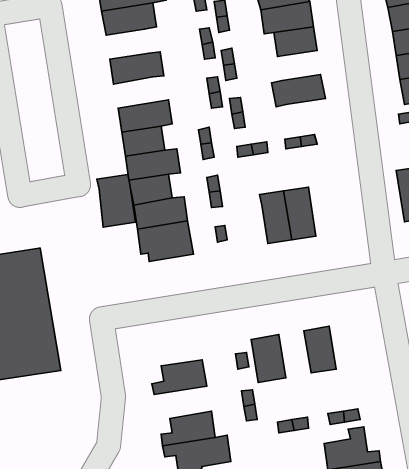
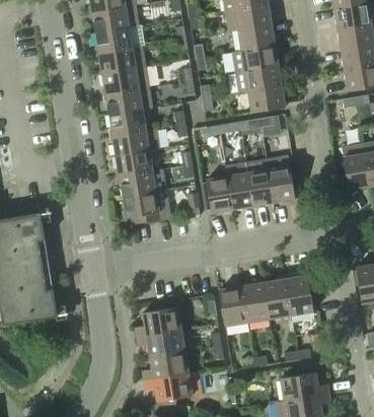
building: none -> [95,27,132,53]
building: none -> [232,46,277,73]
building: none -> [101,67,148,94]
building: none -> [247,86,284,113]
building: [97,174,136,227] -> none
building: none -> [267,157,294,203]
building: none -> [206,177,232,213]
building: none -> [284,276,312,316]
building: none -> [241,283,269,323]
building: none -> [136,330,184,357]

